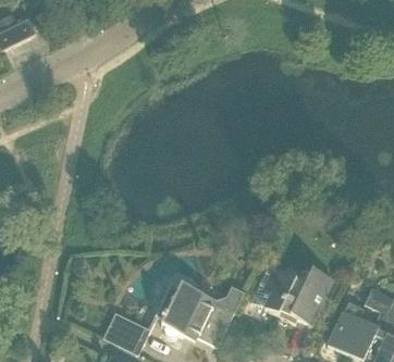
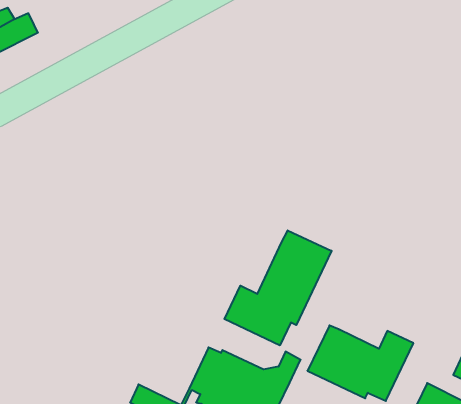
building: none -> [224,230,332,345]

